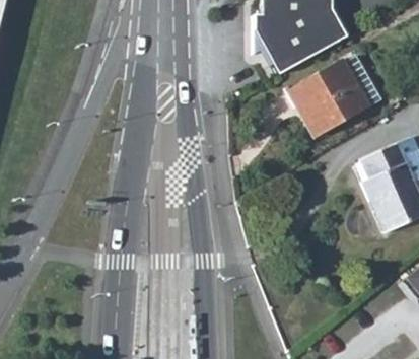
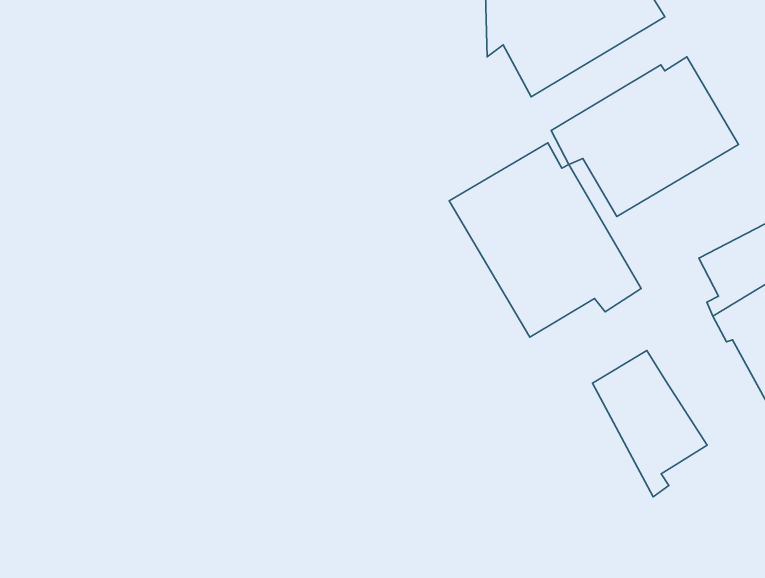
building: none -> [449,143,641,337]
building: none -> [593,350,707,497]

